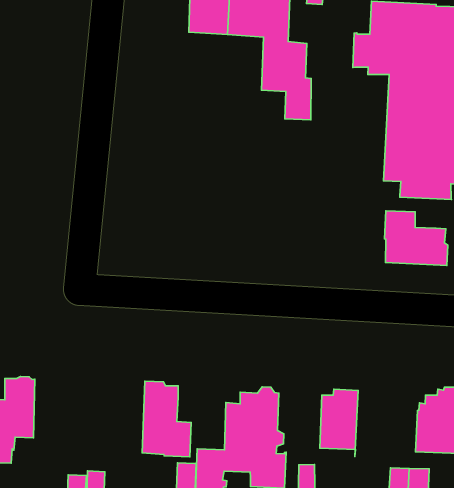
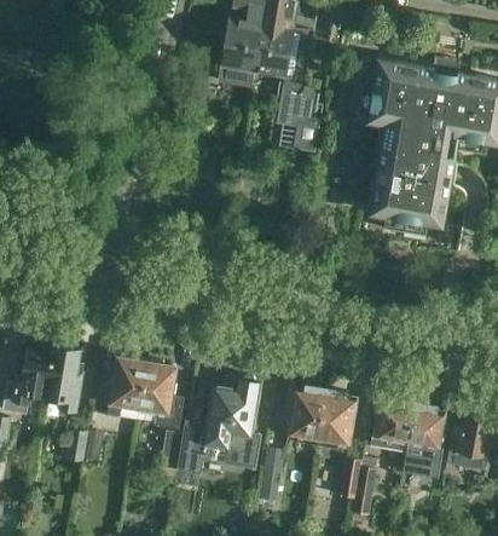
building: [385,211,448,265] -> none
building: none -> [46,345,82,410]
building: none -> [108,356,146,419]
building: none -> [317,388,355,444]

